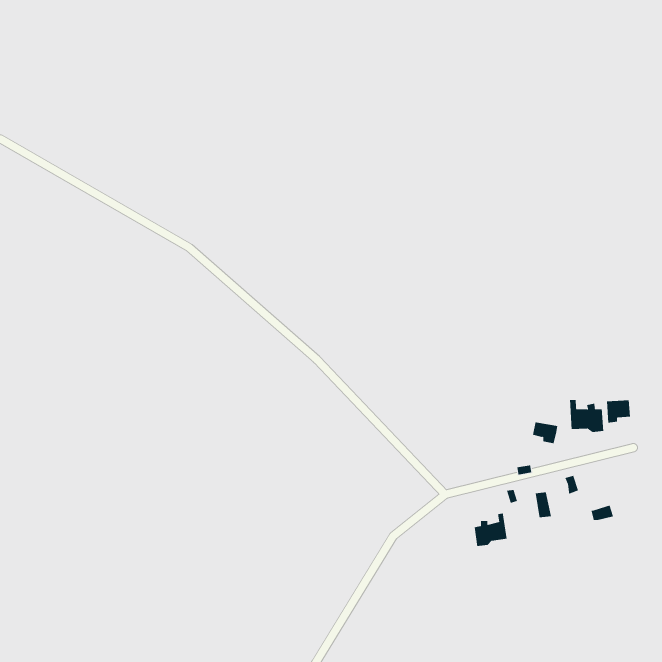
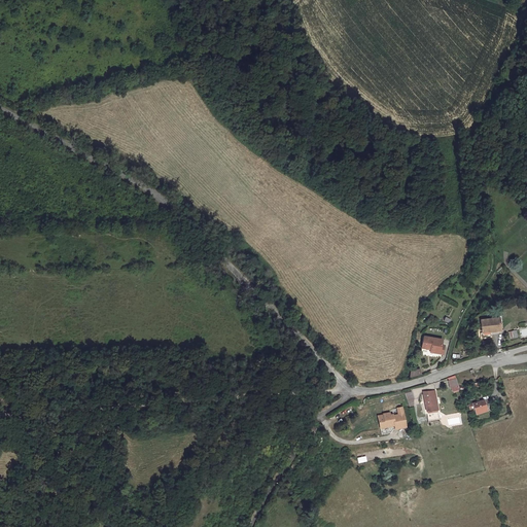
building: [569,399,604,433] -> none

